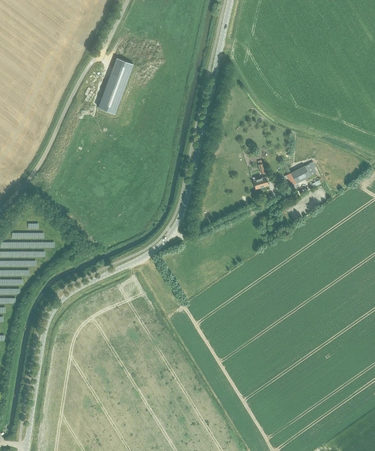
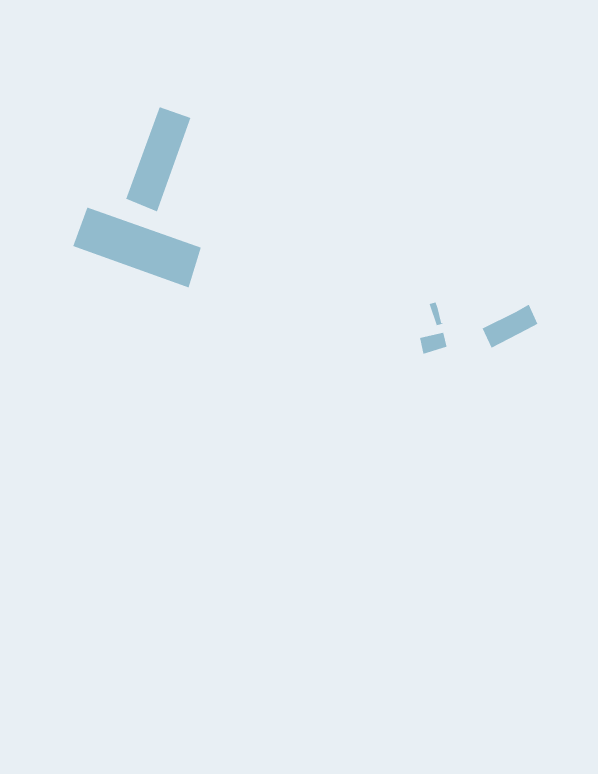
building: none -> [72,207,202,288]

